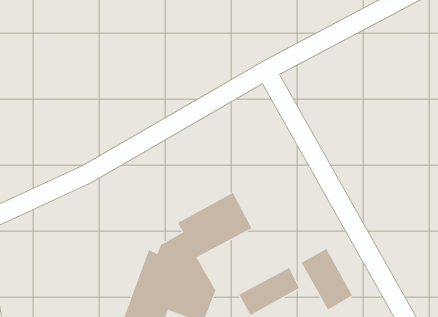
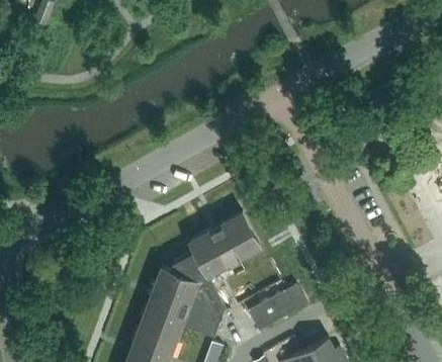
building: [301,248,353,310] -> none

